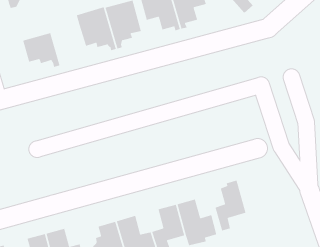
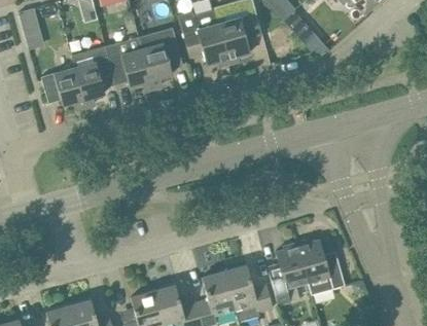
building: none -> [74,58,115,107]
building: none -> [295,239,345,294]

